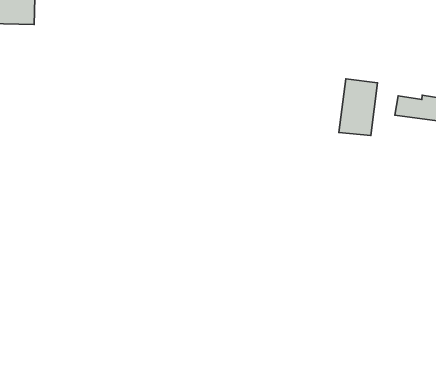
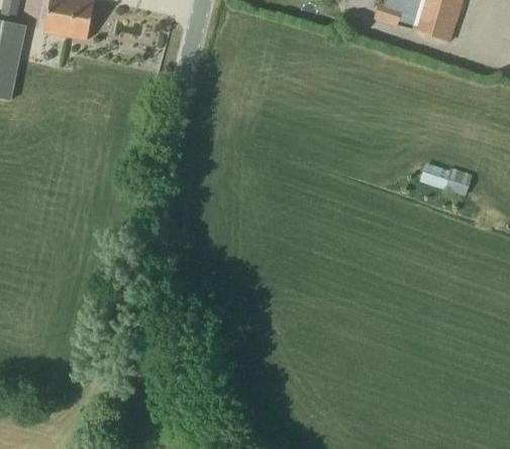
building: [339,79,378,136] -> none

